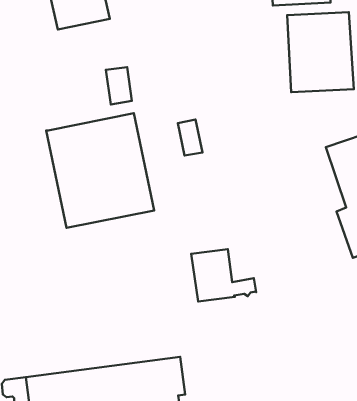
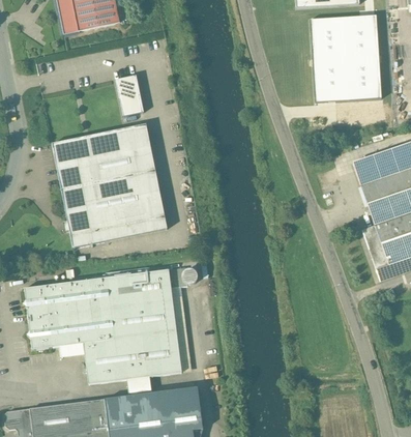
building: [178,120,202,155] -> none
building: none -> [23,268,182,383]
building: [191,249,256,302] -> none

